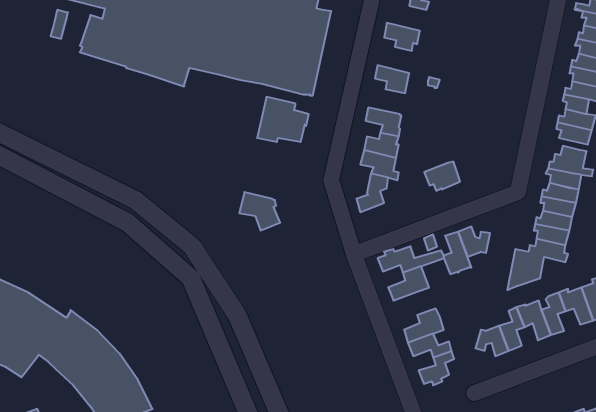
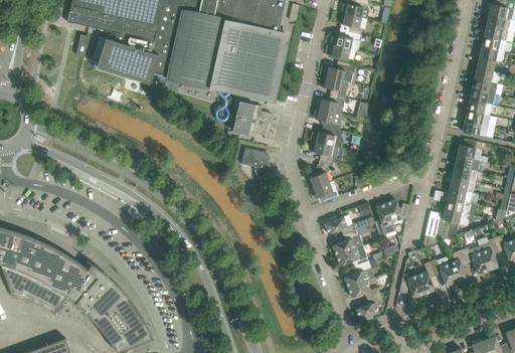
building: none -> [330,32,361,51]
building: none -> [324,63,355,83]
building: none -> [317,96,345,115]
building: [424,162,460,191] -> [311,181,338,203]
building: [239,192,280,230] -> [241,149,273,178]
building: none -> [336,246,368,268]

